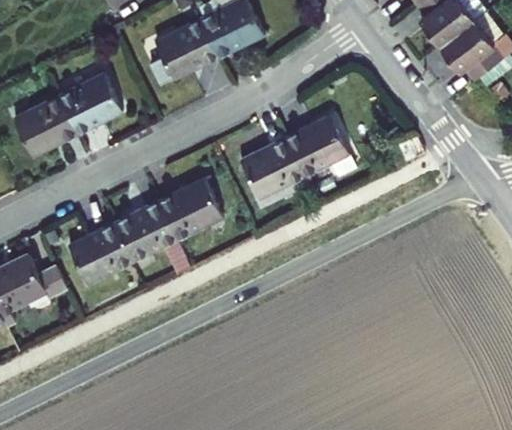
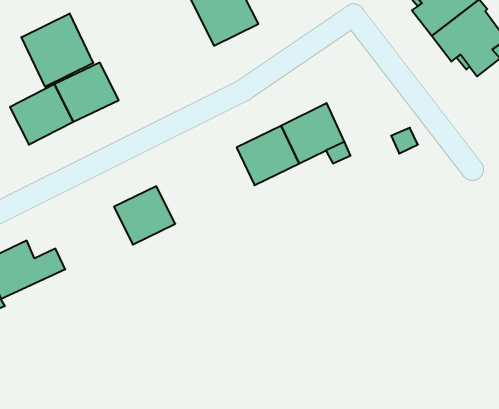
building: [148,20,218,87] -> none
building: none -> [21,13,93,87]
building: [160,178,224,238] -> none
building: [72,221,136,282] -> none

